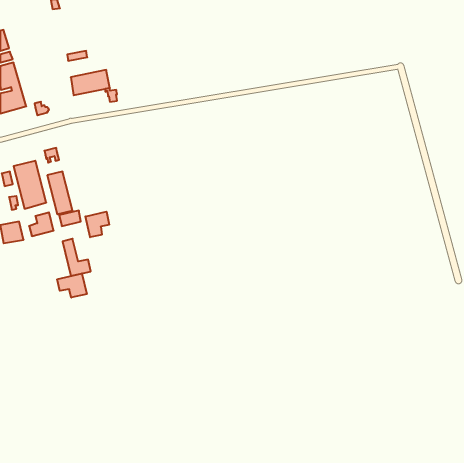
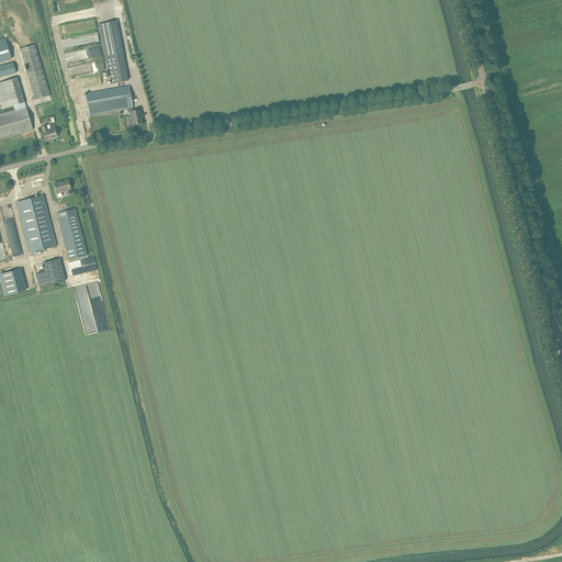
building: none -> [98,20,127,83]
building: none -> [20,44,49,99]
building: [85,212,109,237] -> none
building: [57,273,87,298] -> none

